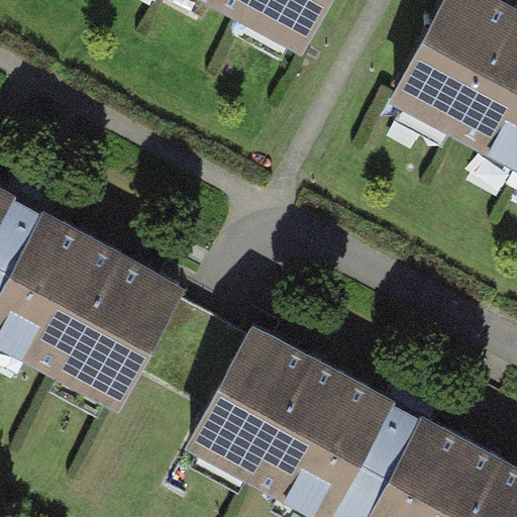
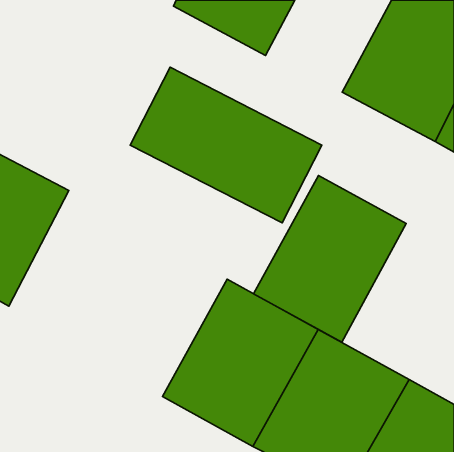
building: none -> [130,67,322,223]
building: none -> [254,176,406,342]
building: [10,221,183,406] -> none

